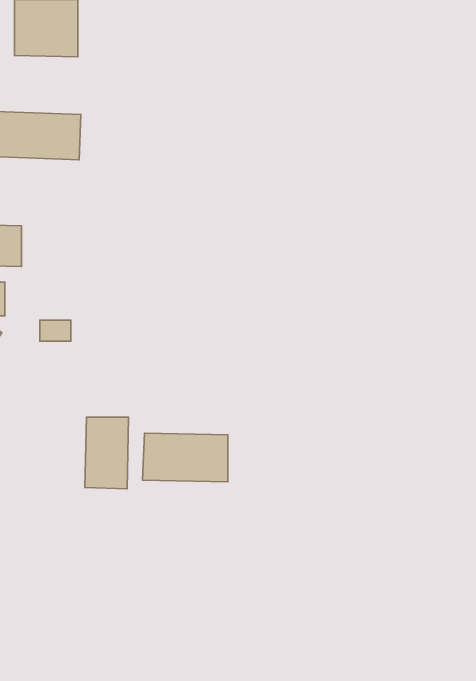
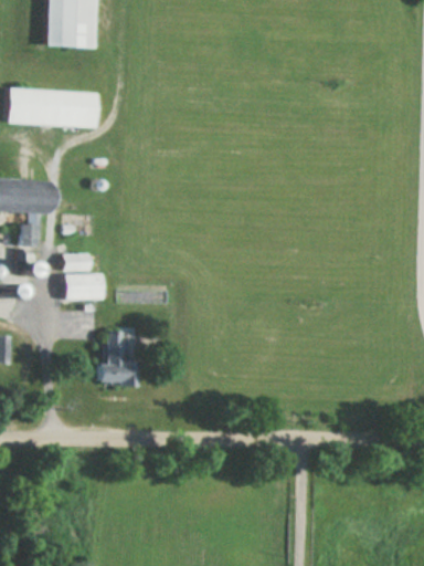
building: none -> [66,273,104,300]
building: [142,433,228,482] -> none

